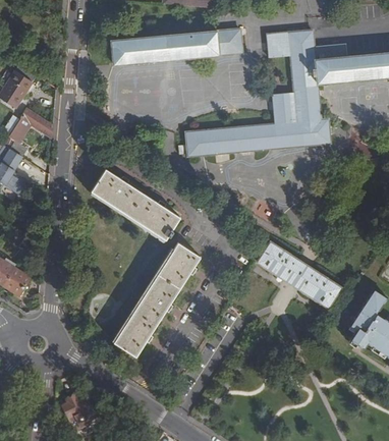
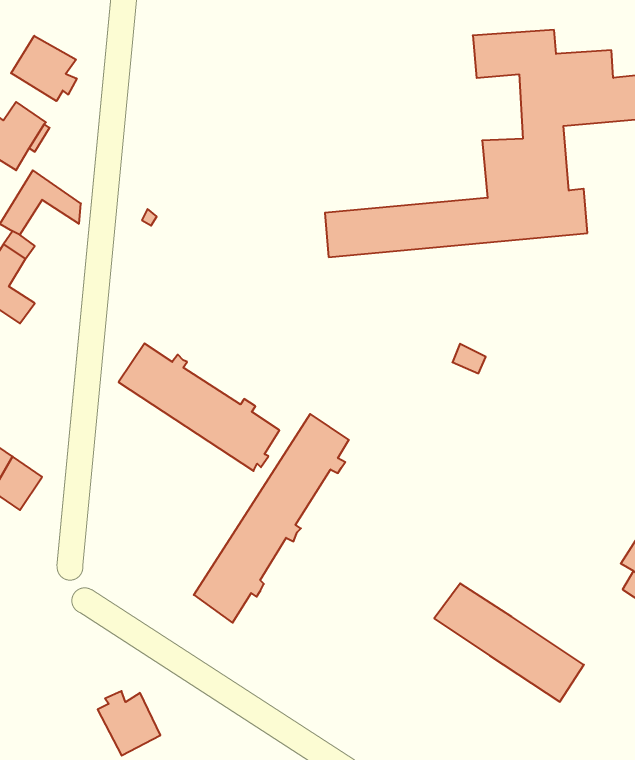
building: [111,30,242,65] -> none
building: none -> [11,36,77,101]
building: [91,170,179,240] -> [119,343,279,471]
building: [258,242,340,308] -> [434,583,584,702]

